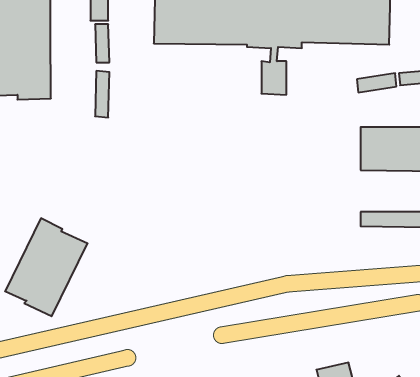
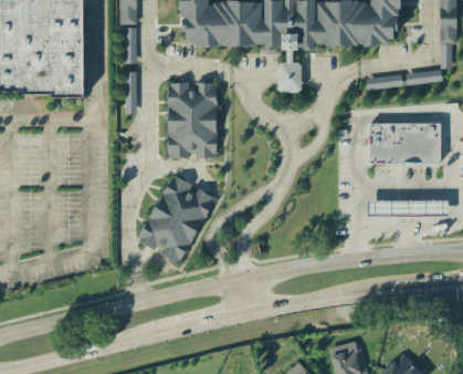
building: none -> [167,83,217,158]
building: [5,218,88,316] -> [138,174,214,264]

